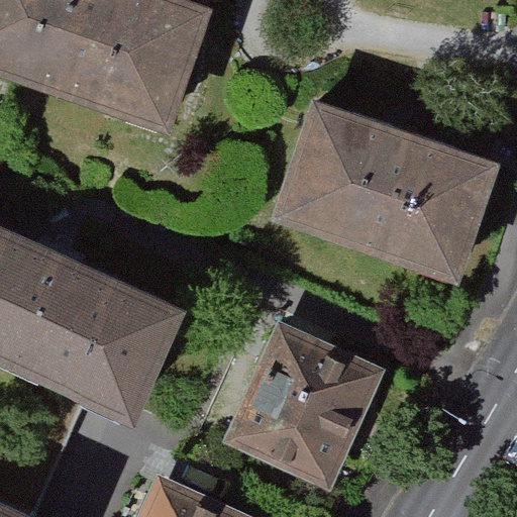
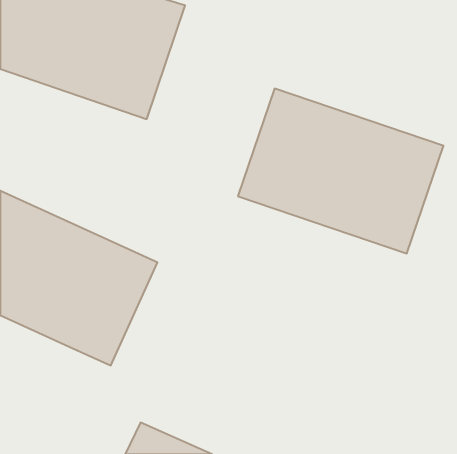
building: [224,321,387,493] -> none

